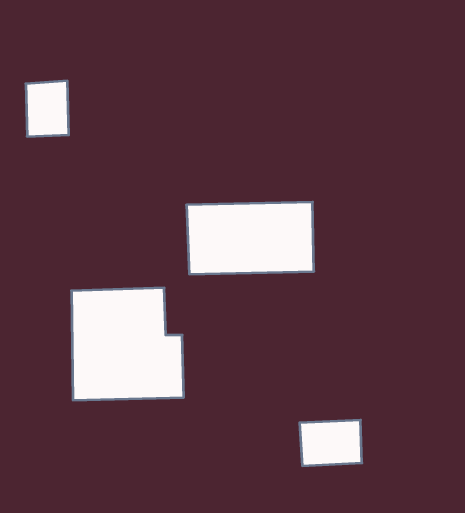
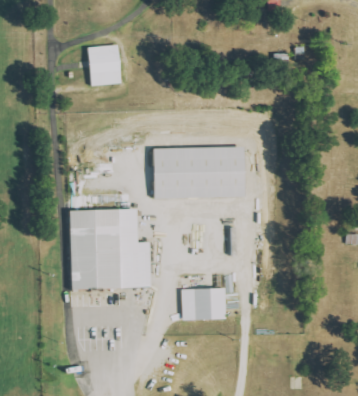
building: [26,81,69,136] -> [89,44,120,84]
building: [300,420,362,466] -> [180,287,225,320]

